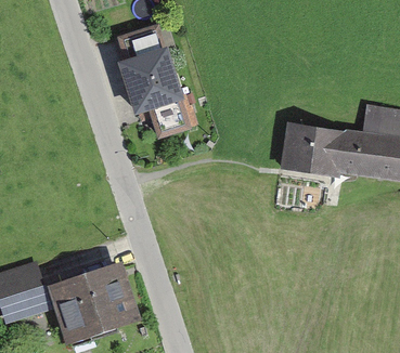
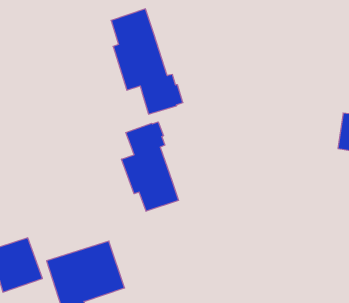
building: [282,122,359,172] -> none
building: none -> [122,122,178,211]

